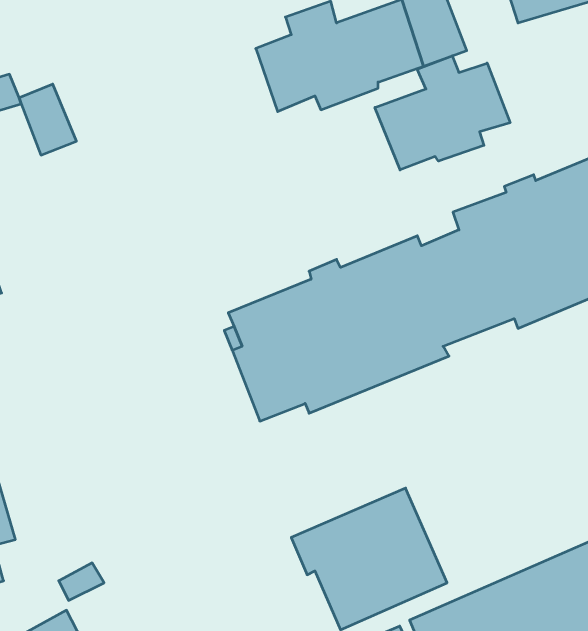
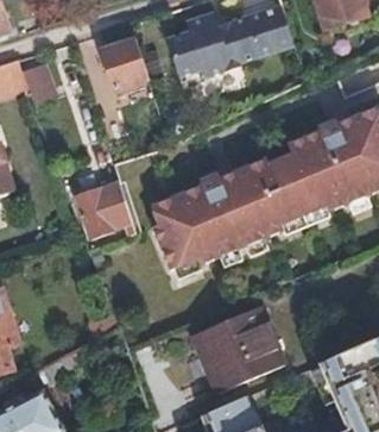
building: none -> [102,36,147,88]
building: [375,56,510,170] -> none
building: none -> [77,181,135,240]

